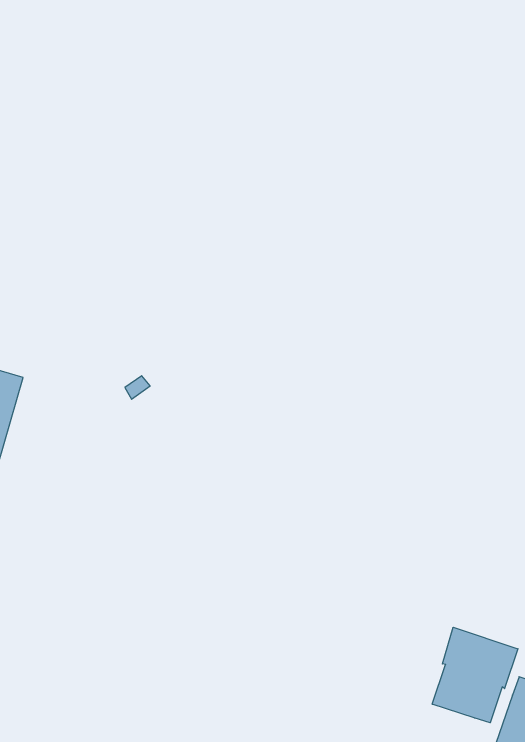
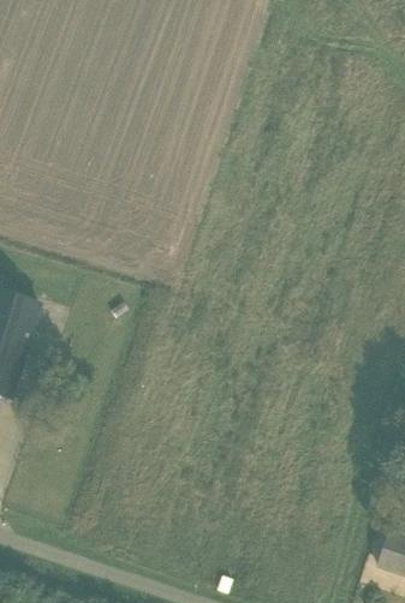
building: [432,627,518,723] -> none

